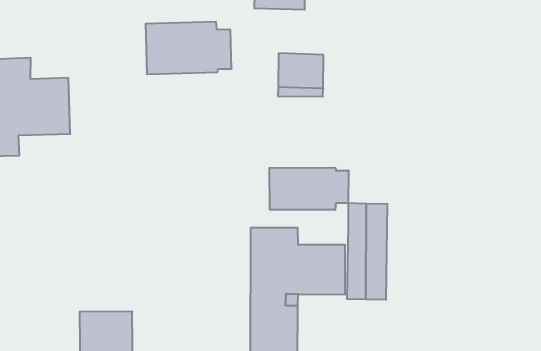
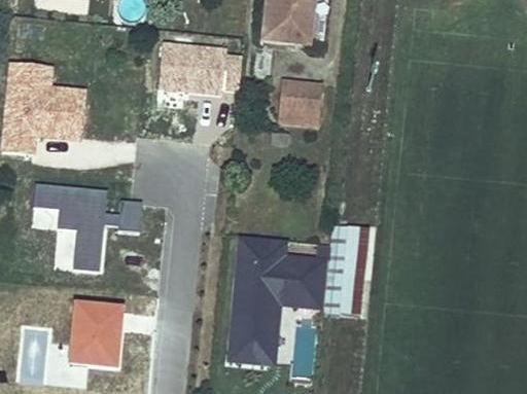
building: [270,168,349,210] -> none
building: none -> [34,184,140,270]

